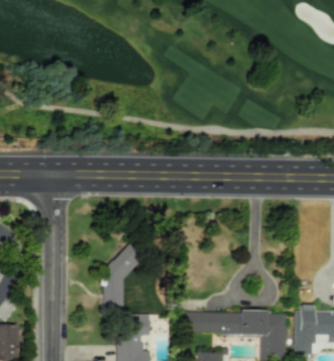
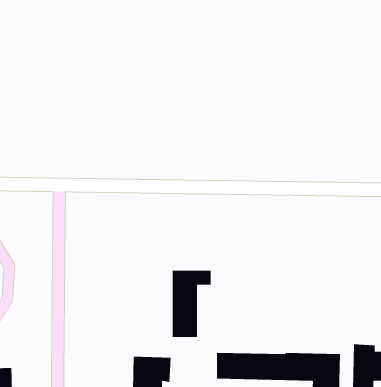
building: [104,255,136,310] -> [172,270,212,338]

